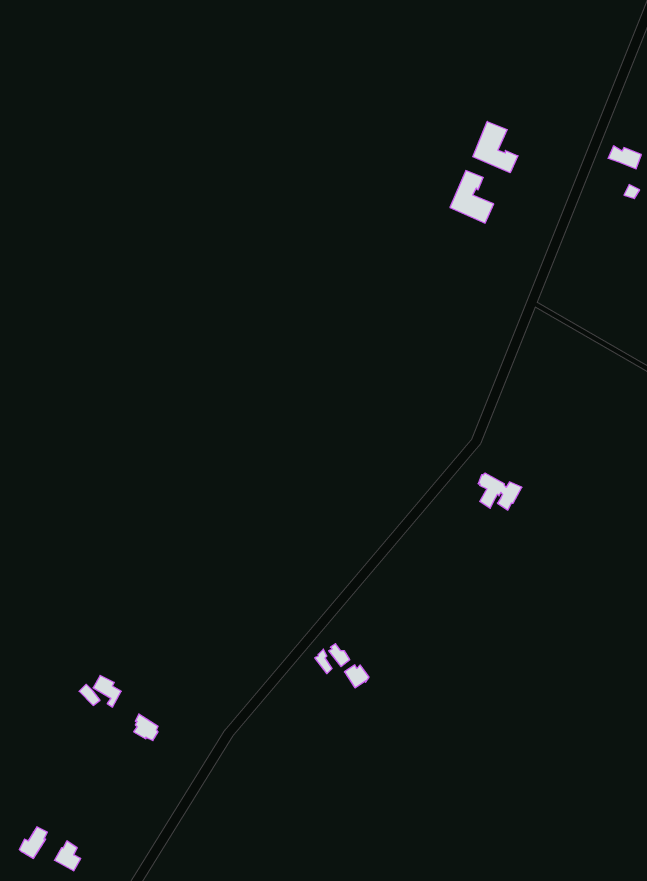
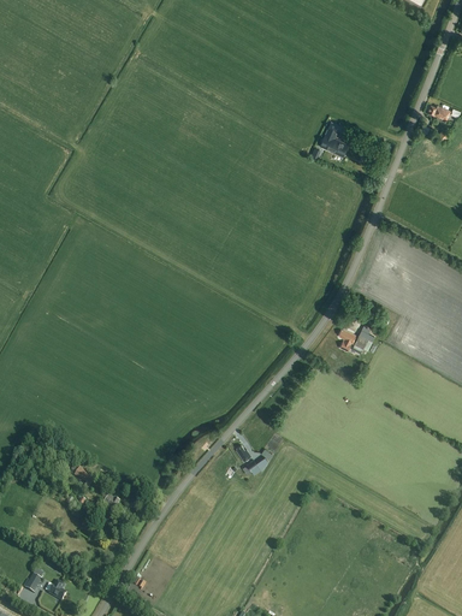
building: [473,121,518,173] -> none

